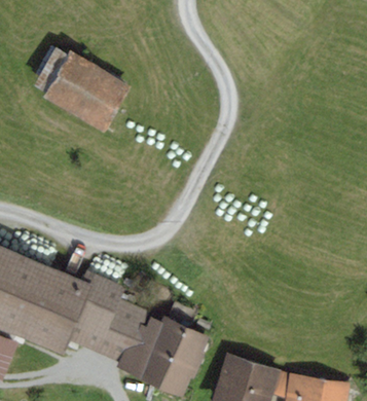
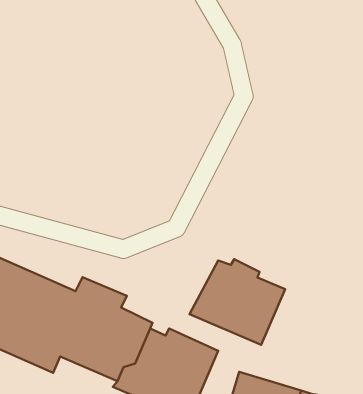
building: [33,47,132,133] -> none
building: none -> [190,259,285,345]

